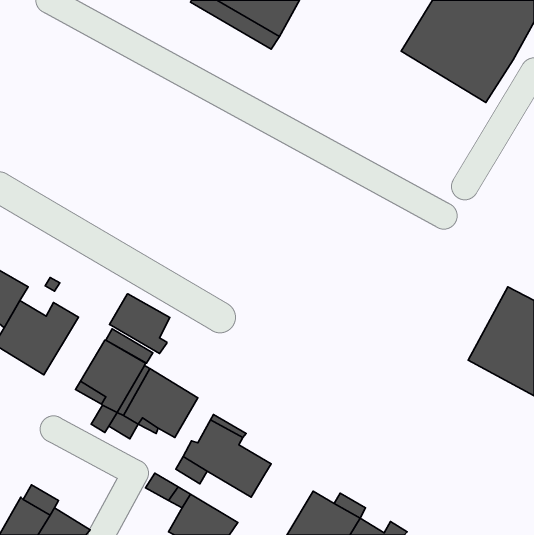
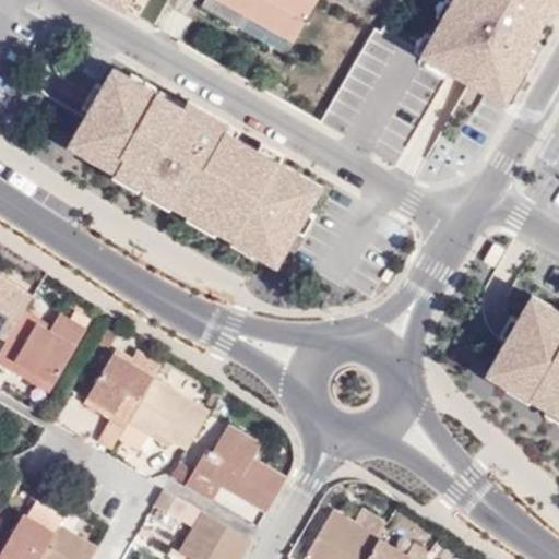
building: none -> [76,73,329,262]
building: [110,294,170,354] -> none

